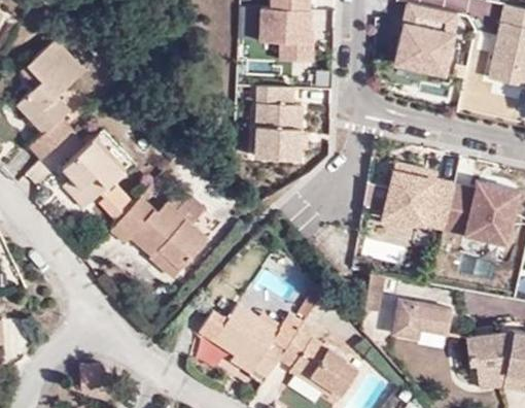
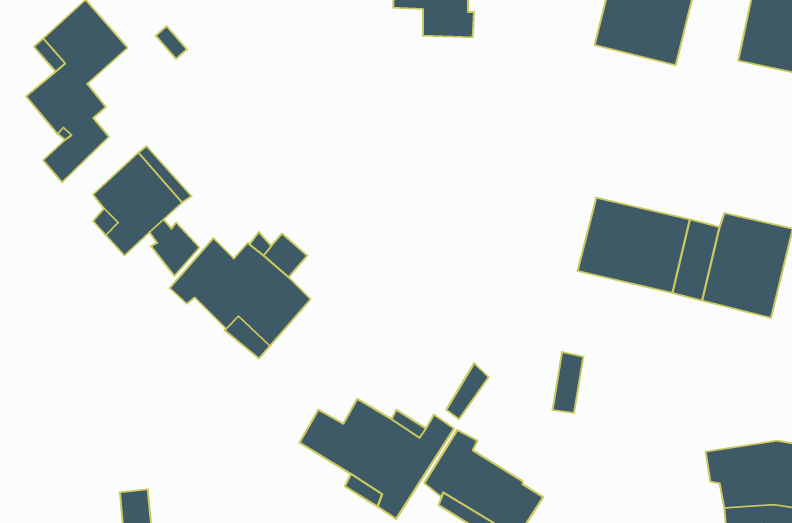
building: [255,88,306,162] -> none
building: [393,299,454,337] -> none

